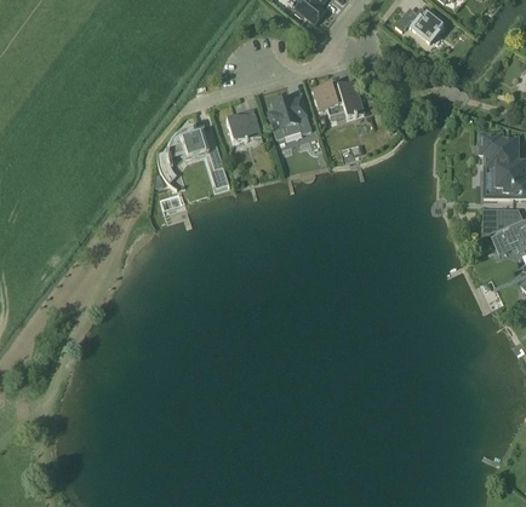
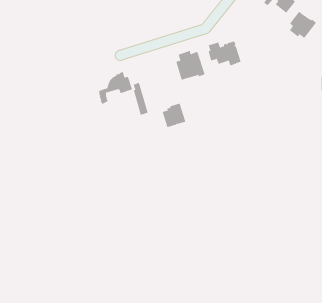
building: none -> [289,11,317,39]
building: [225,108,261,144] -> [162,103,186,128]

